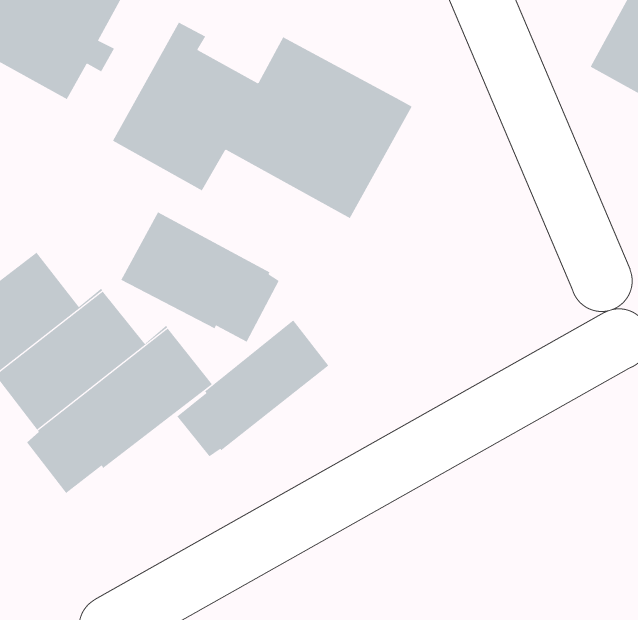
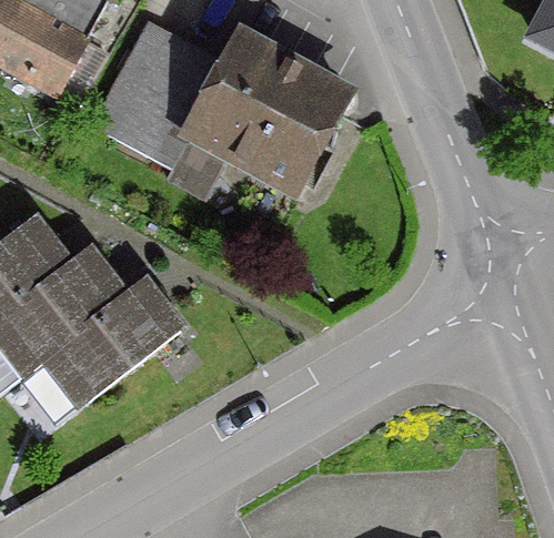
building: [121,211,280,342] -> none
building: [176,320,329,457] -> none

